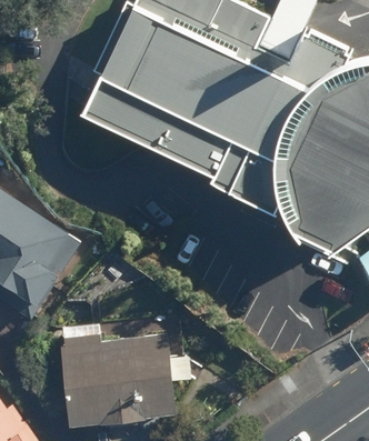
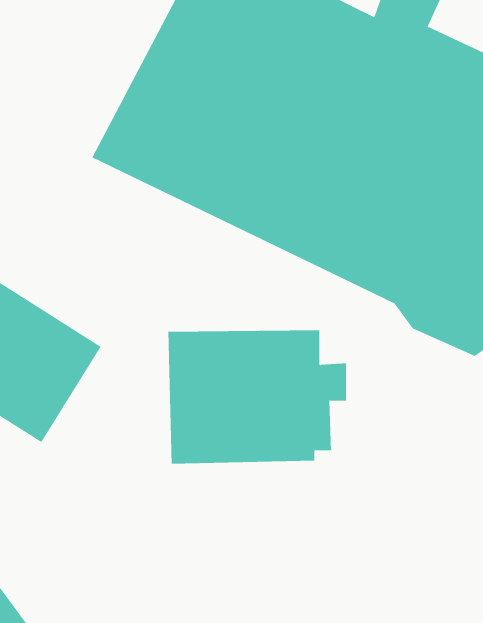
building: [66,332,186,422] -> [168,330,347,464]

